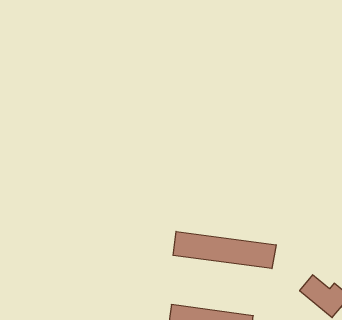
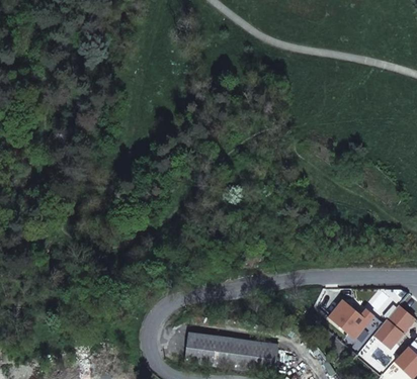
building: [173,231,276,269] -> none

